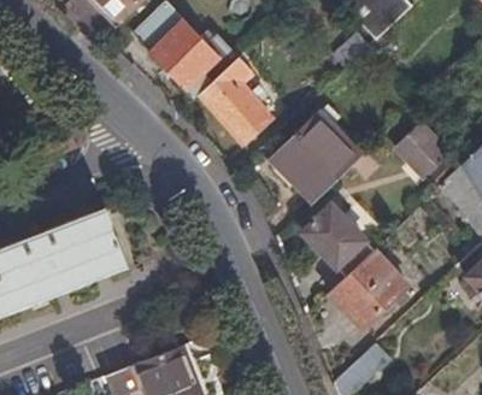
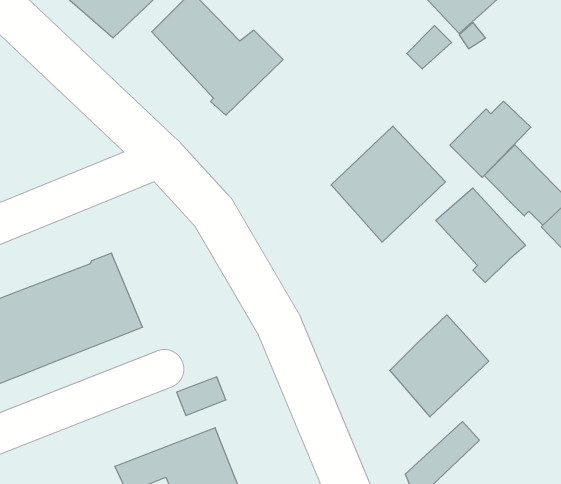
building: [200,55,274,142] -> none
building: none -> [450,101,531,177]
building: [304,205,374,278] -> [436,188,525,282]

